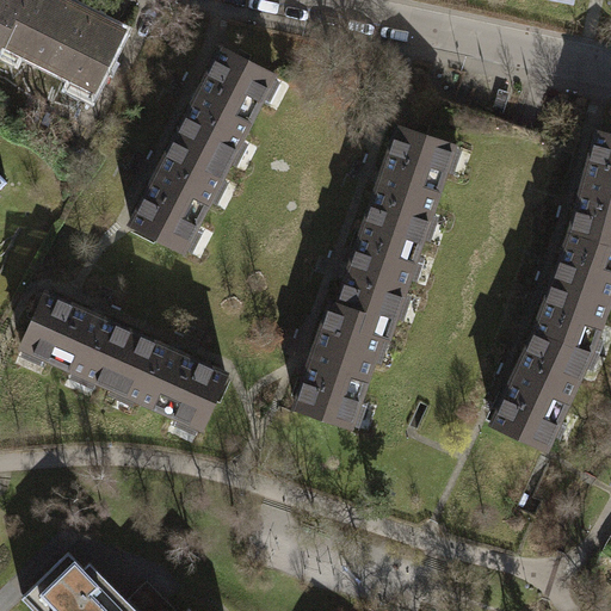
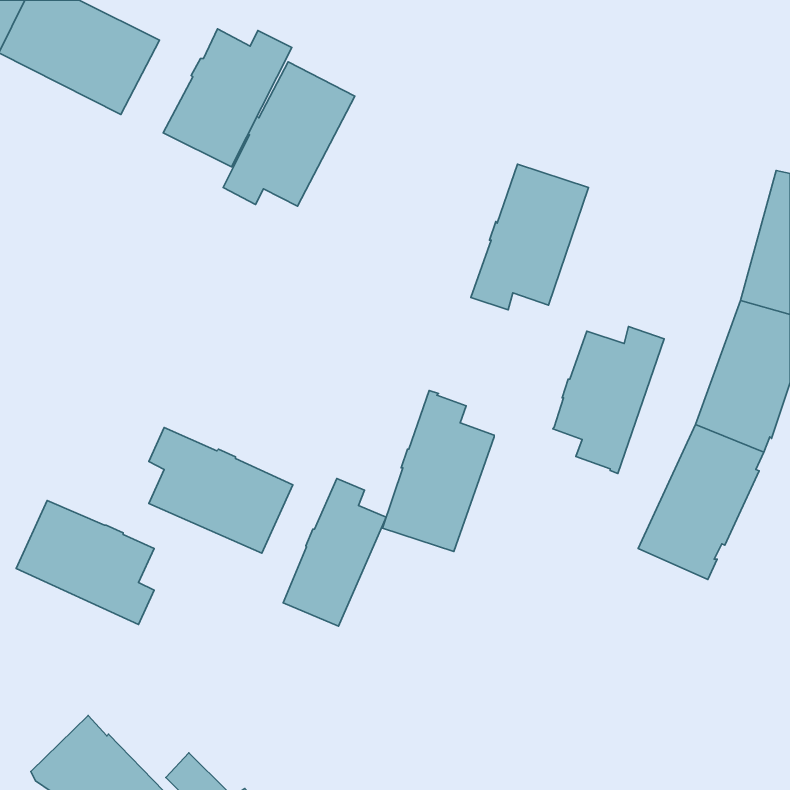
building: [130,146,229,252] -> [163,29,292,167]
building: [337,227,422,340] -> [553,326,664,474]
building: [20,294,126,389] -> [16,500,154,624]
building: none -> [283,478,386,626]

